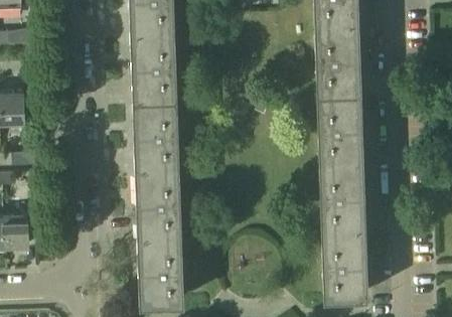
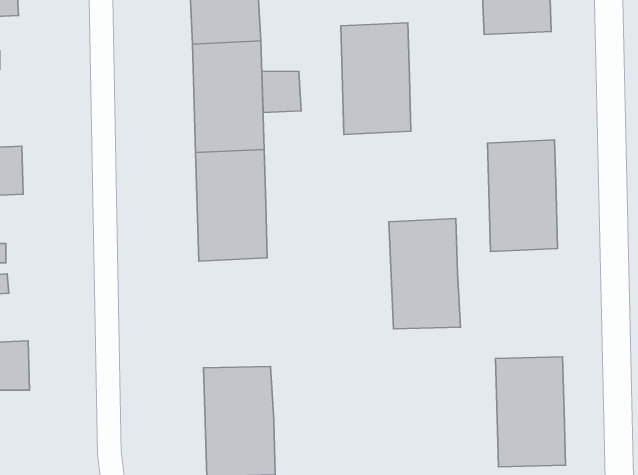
building: [315,21,359,92] -> [341,23,411,134]
building: none -> [262,71,301,112]
building: [319,158,364,227] -> [389,219,461,329]
building: [135,164,180,233] -> none

